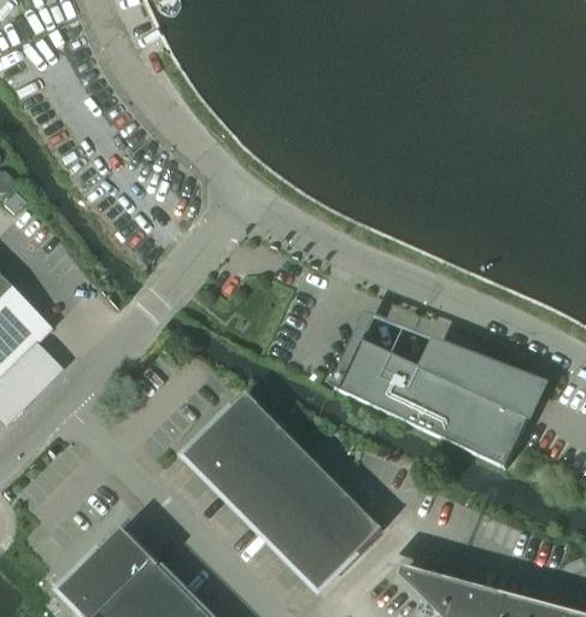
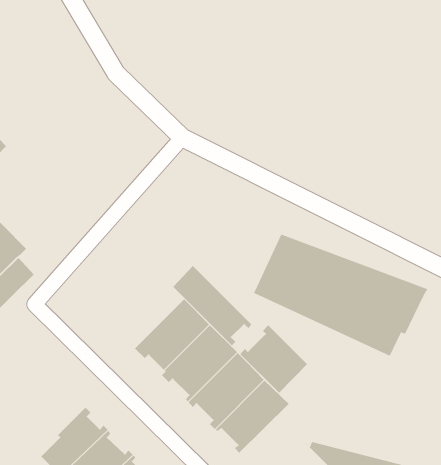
building: none -> [172,265,252,346]
building: none -> [240,325,308,394]

